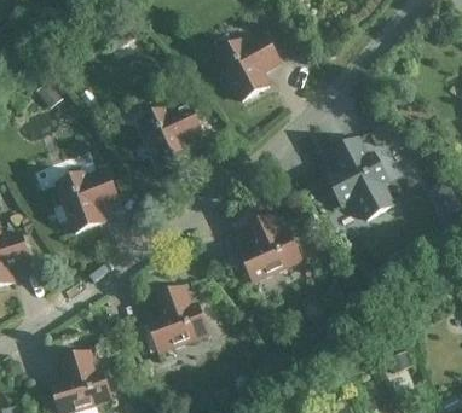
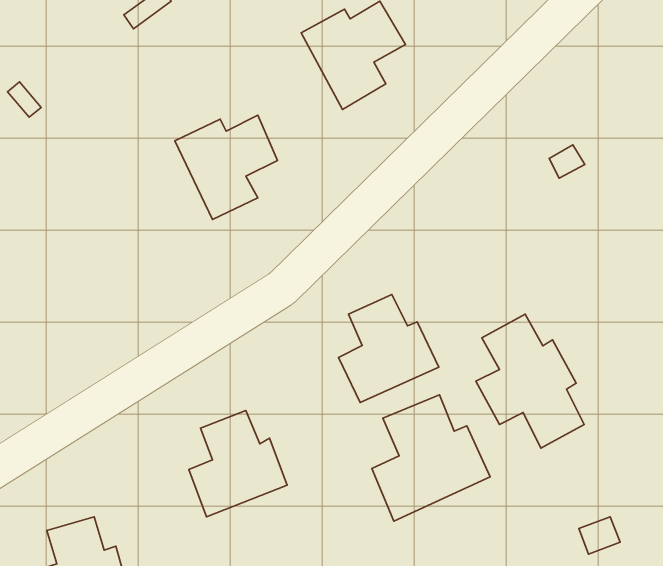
building: [325,135,392,217] -> [476,314,584,448]
building: [54,169,117,231] -> none
building: none -> [372,395,490,521]

